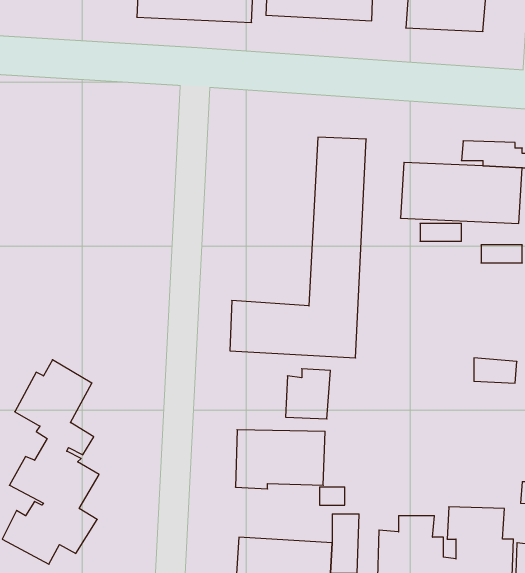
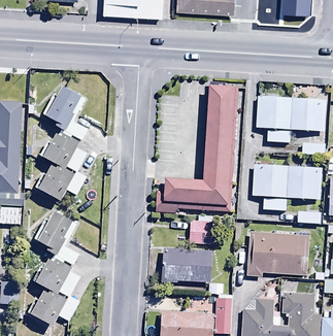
building: none -> [36,86,89,204]
building: none -> [254,161,322,210]
building: none -> [247,232,310,276]

